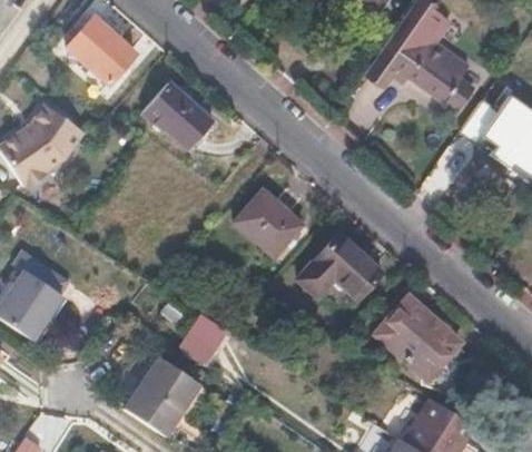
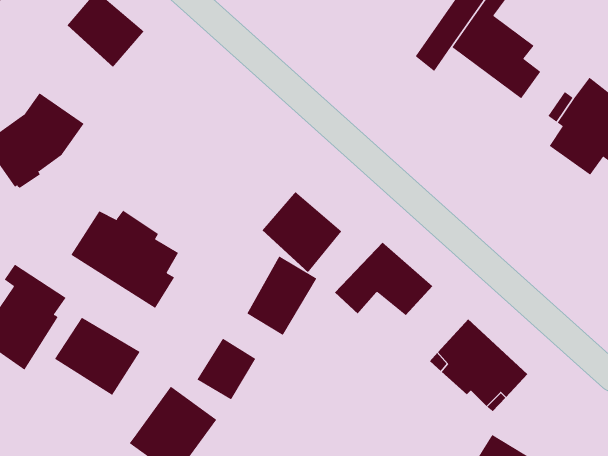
building: [140,81,210,146] -> none
building: none -> [70,210,179,309]
building: none -> [246,256,317,336]
building: none -> [54,317,141,396]

